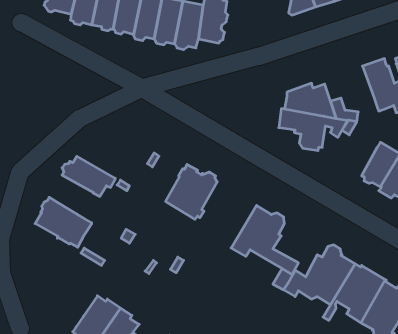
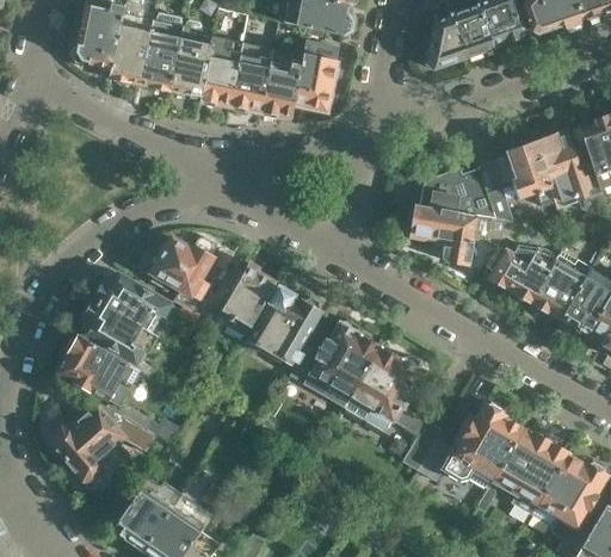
building: none -> [493,141,555,205]
building: none -> [152,235,217,310]
building: none -> [490,246,555,301]
building: none -> [209,266,274,344]
building: none -> [85,299,161,378]
building: none -> [291,320,379,406]
building: none -> [53,404,136,478]

